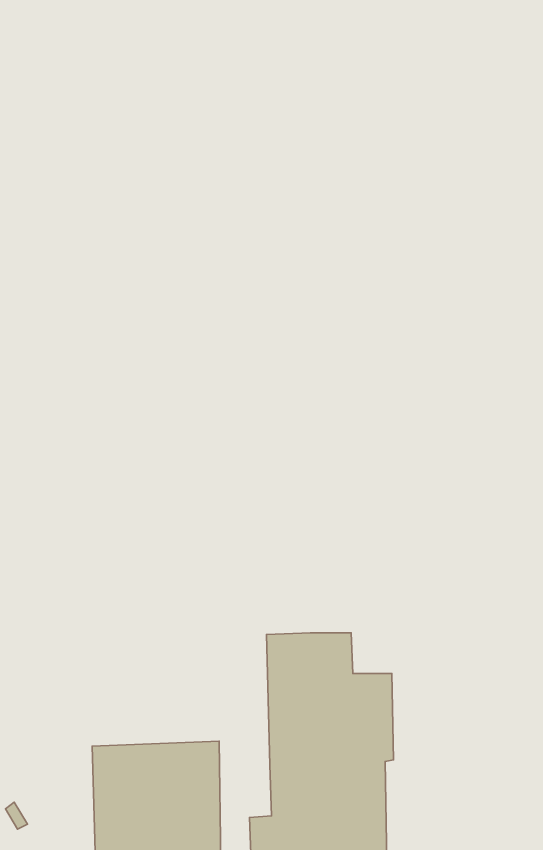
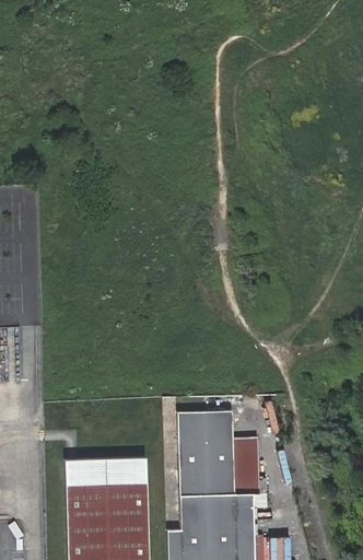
building: none -> [63,457,145,485]

